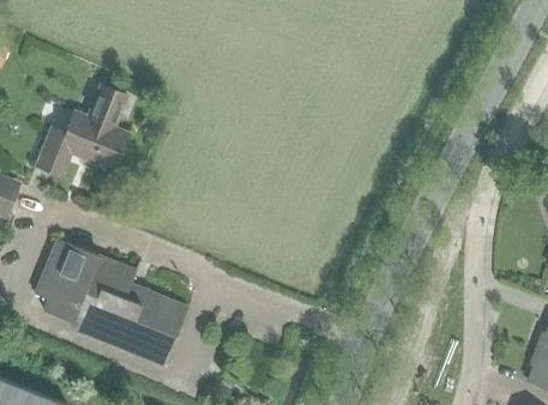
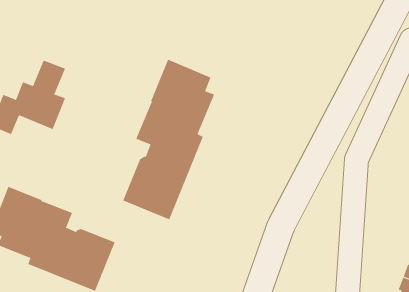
building: none -> [122,59,215,220]

